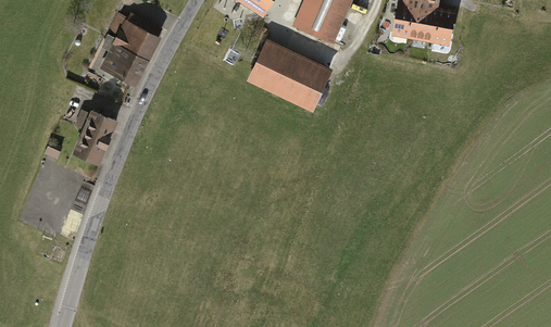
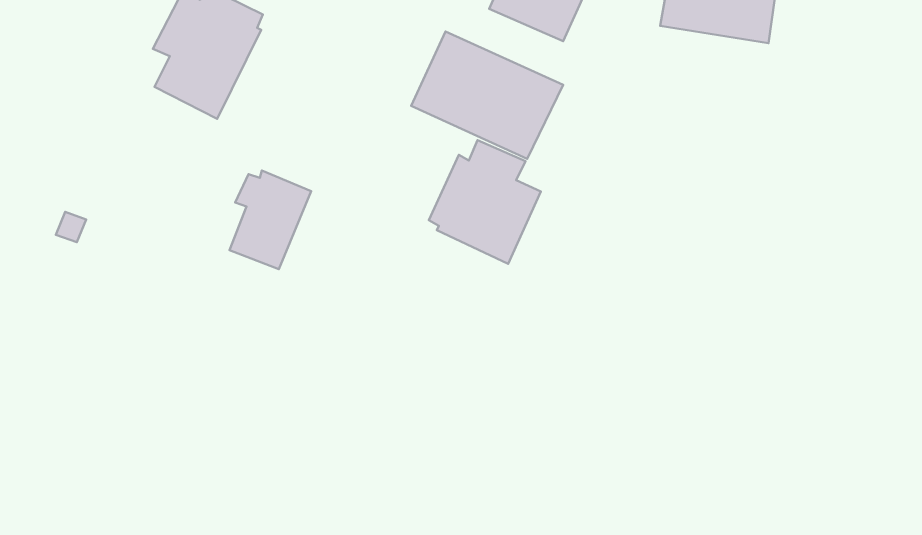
building: none -> [429,140,541,264]
building: [70,108,116,164] -> [229,170,311,269]

